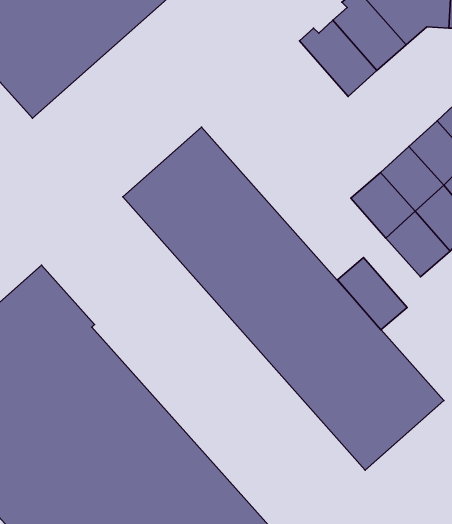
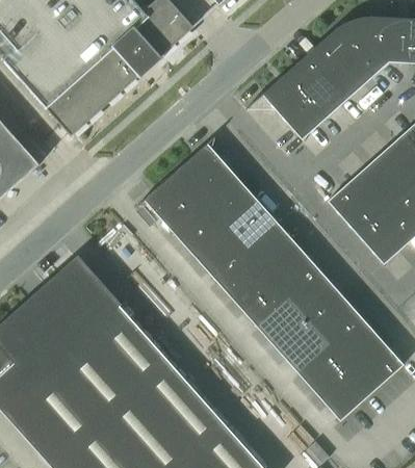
building: none -> [262,74,326,139]
building: [338,258,407,330] -> none

